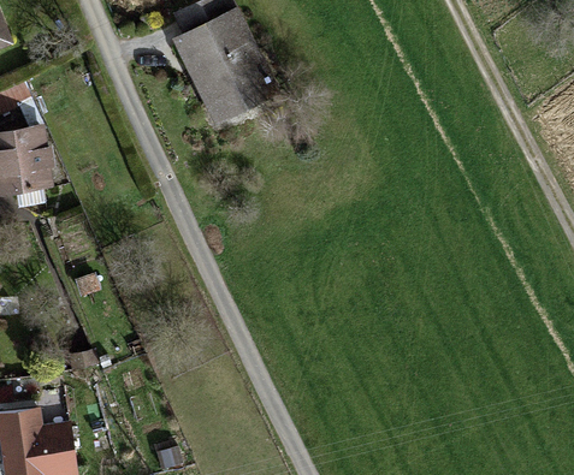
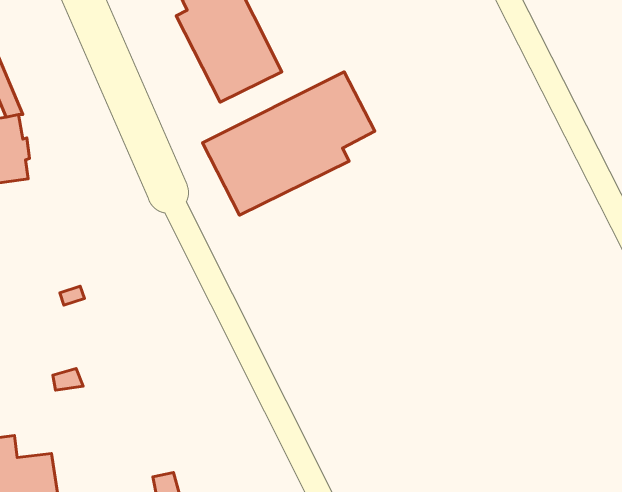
building: none -> [202,72,375,215]

